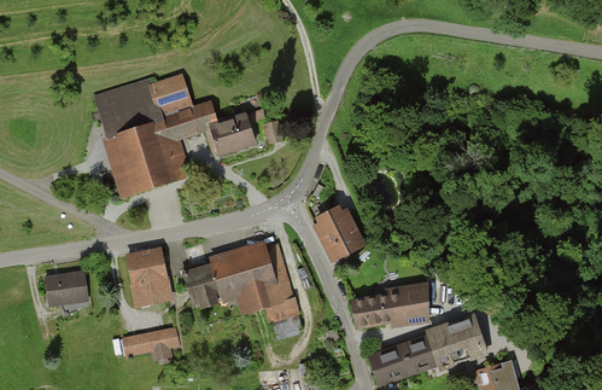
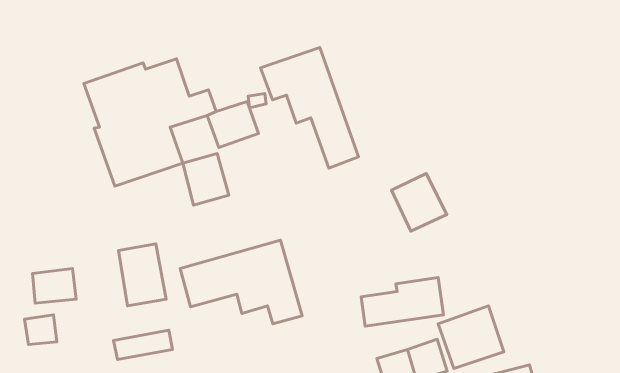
building: none -> [261,47,359,168]
building: none -> [183,154,229,205]
building: [311,199,363,254] -> [392,173,447,231]
building: none -> [25,315,57,345]

